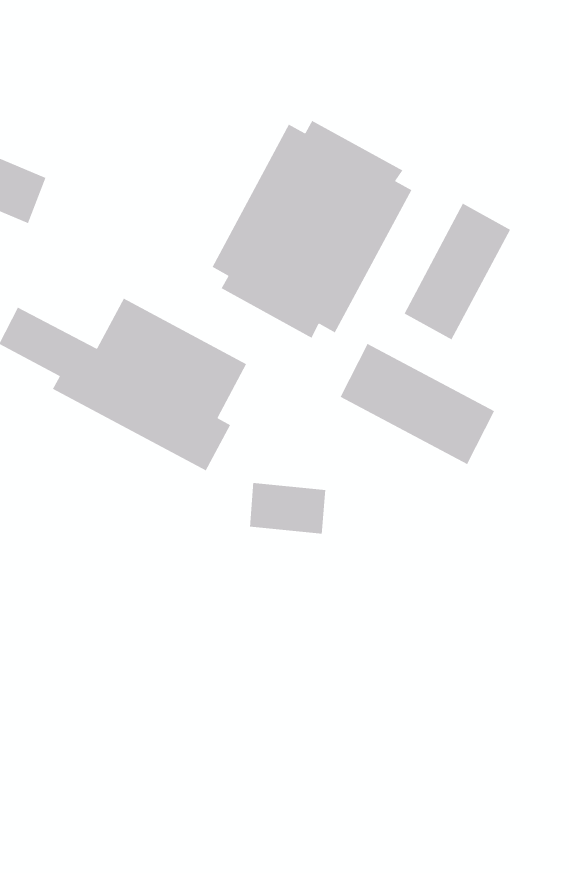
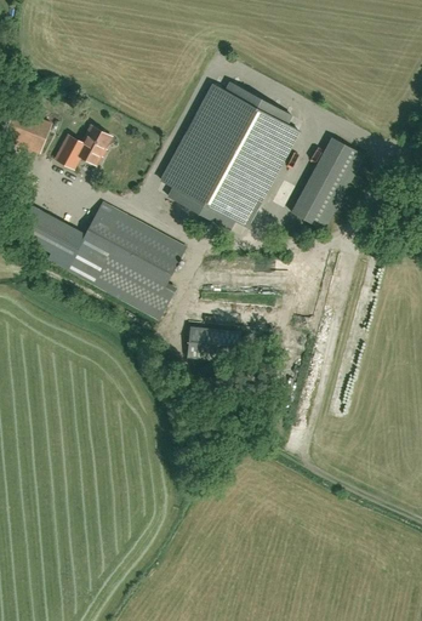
building: none -> [55,125,110,167]
building: [340,343,495,465] -> none

